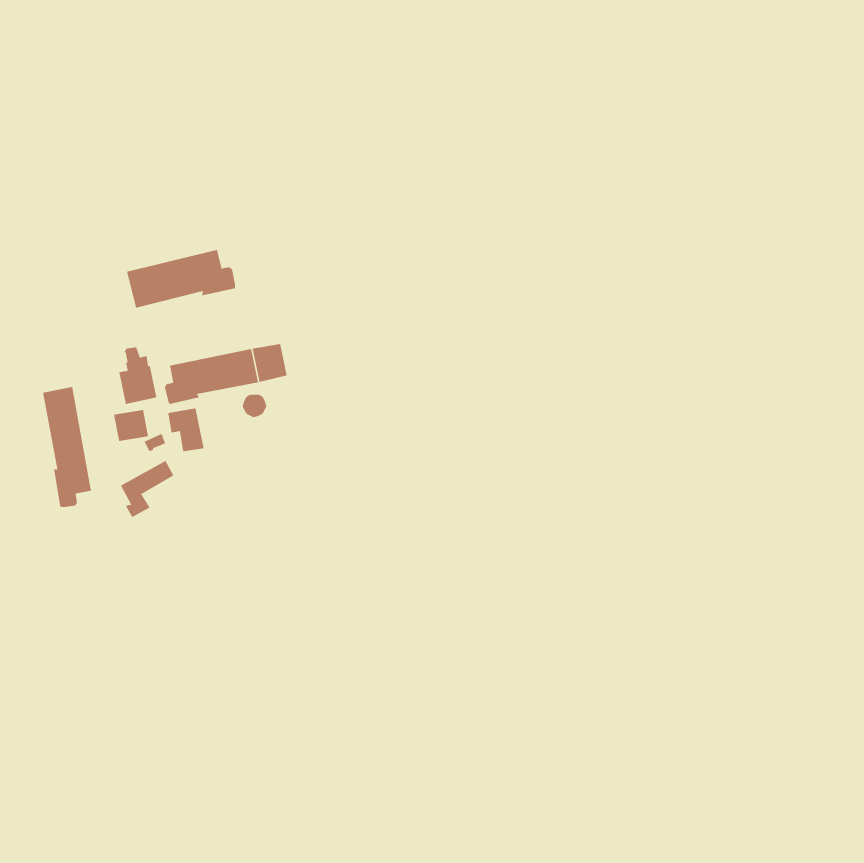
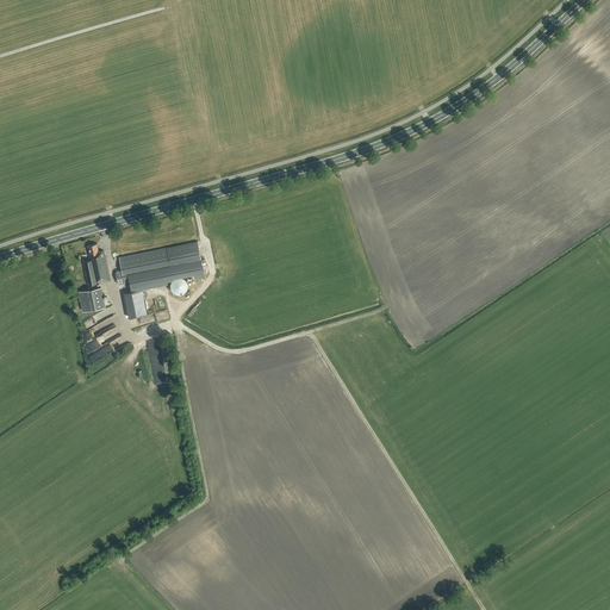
building: [127,249,236,309] -> none
building: [43,386,91,508] -> none

